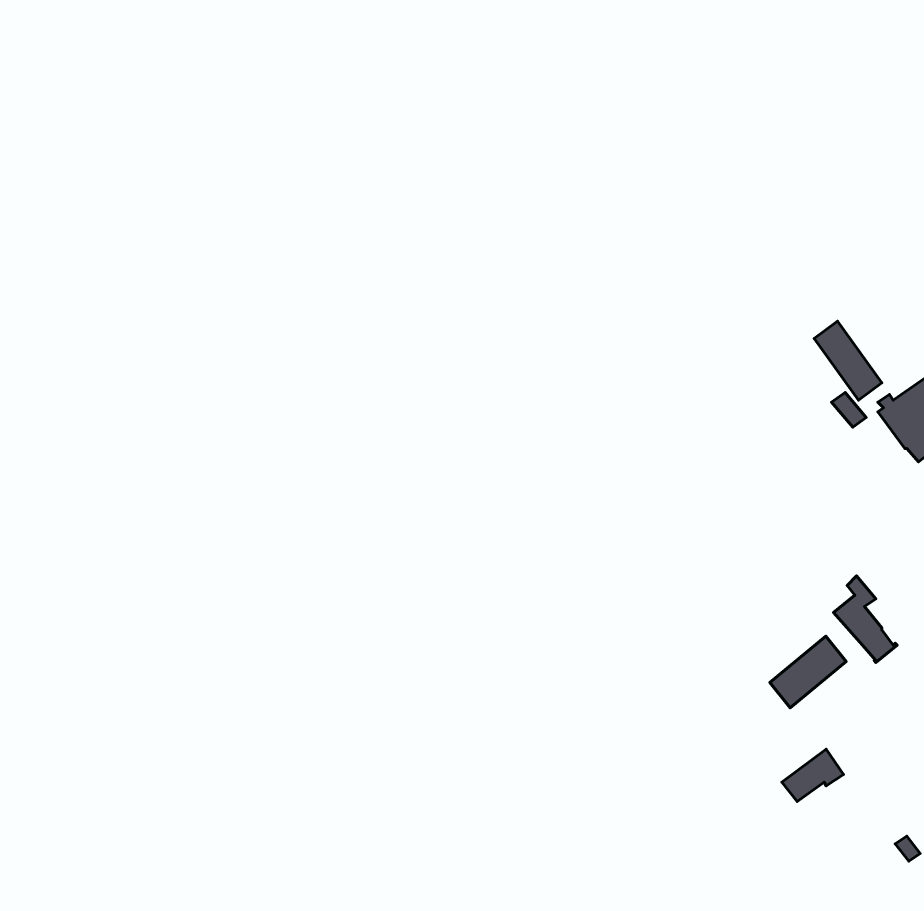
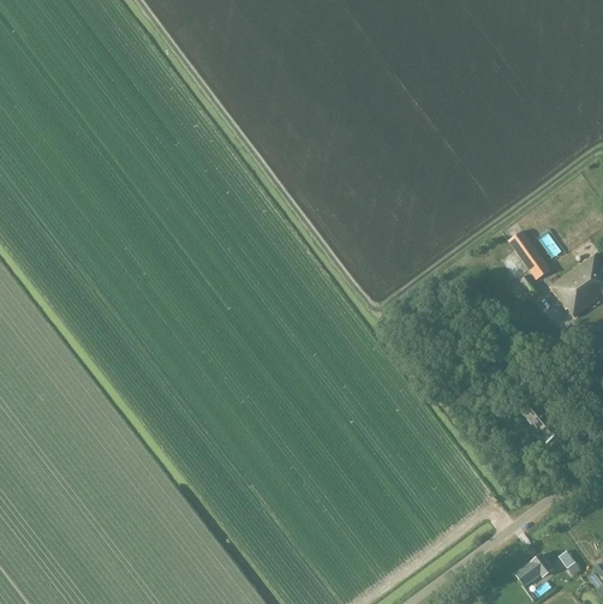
building: [770,636,846,708] -> none
building: [782,749,843,801] -> [514,555,553,587]

